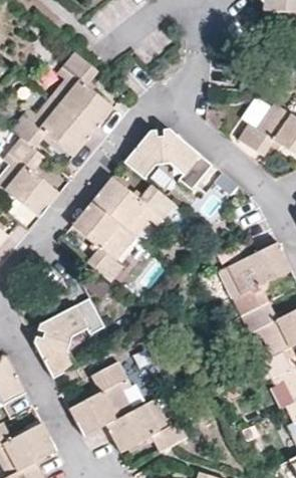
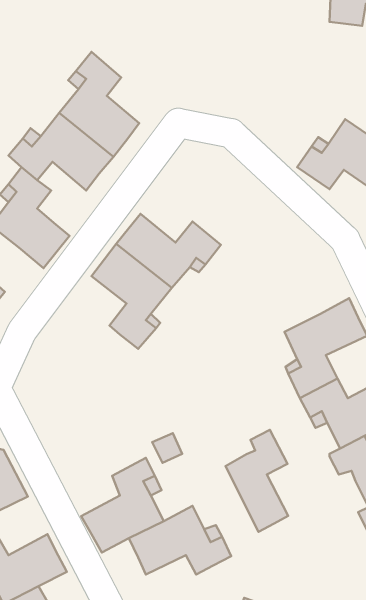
building: [127,127,208,186] -> none
building: [33,301,105,381] -> none
building: none -> [226,430,288,532]

